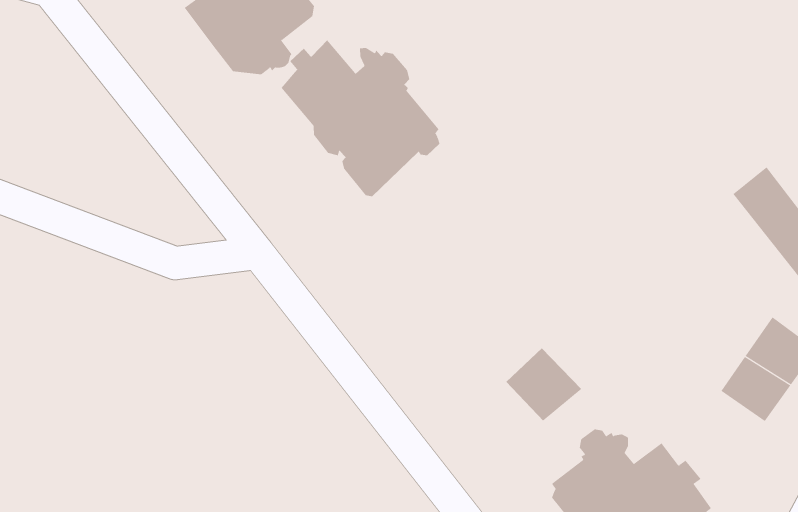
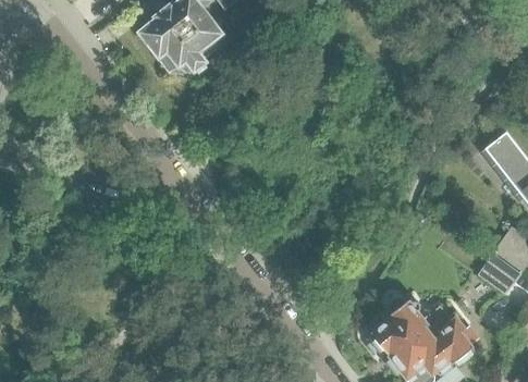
building: [281,40,440,197] -> none
building: [506,347,582,421] -> none

